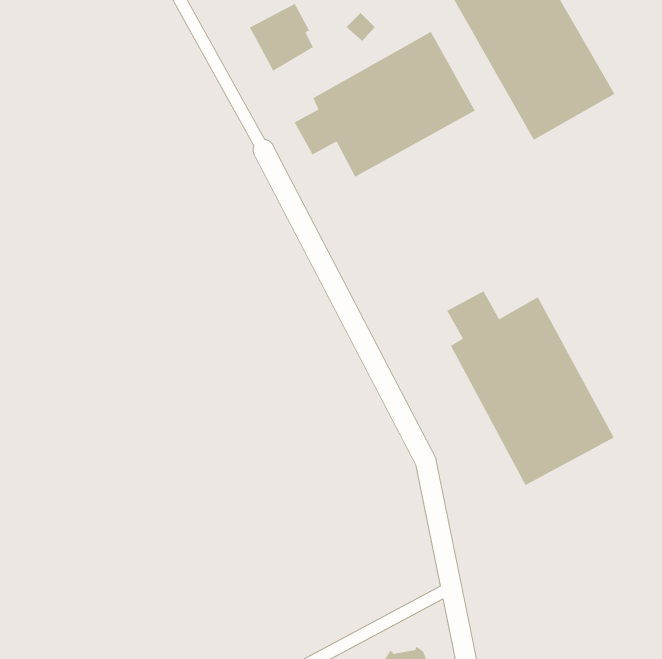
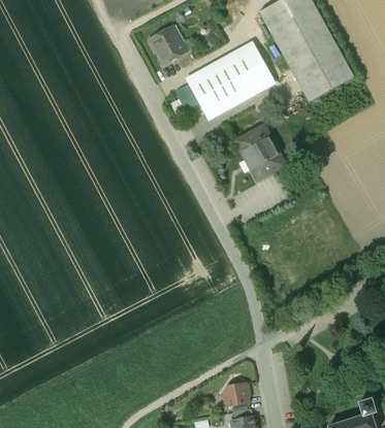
building: none -> [234,125,285,180]
building: [446,290,615,486] -> none

